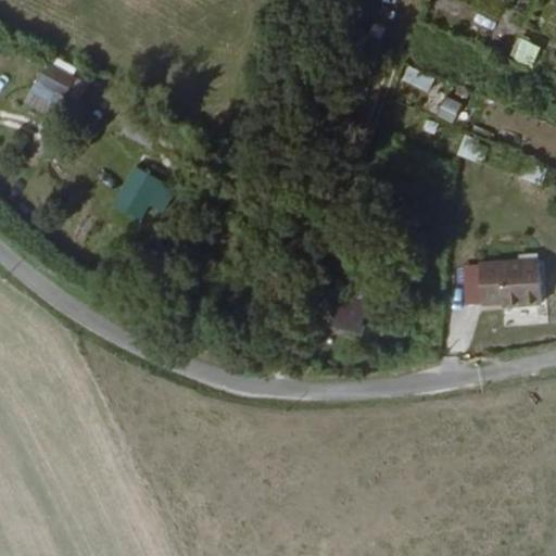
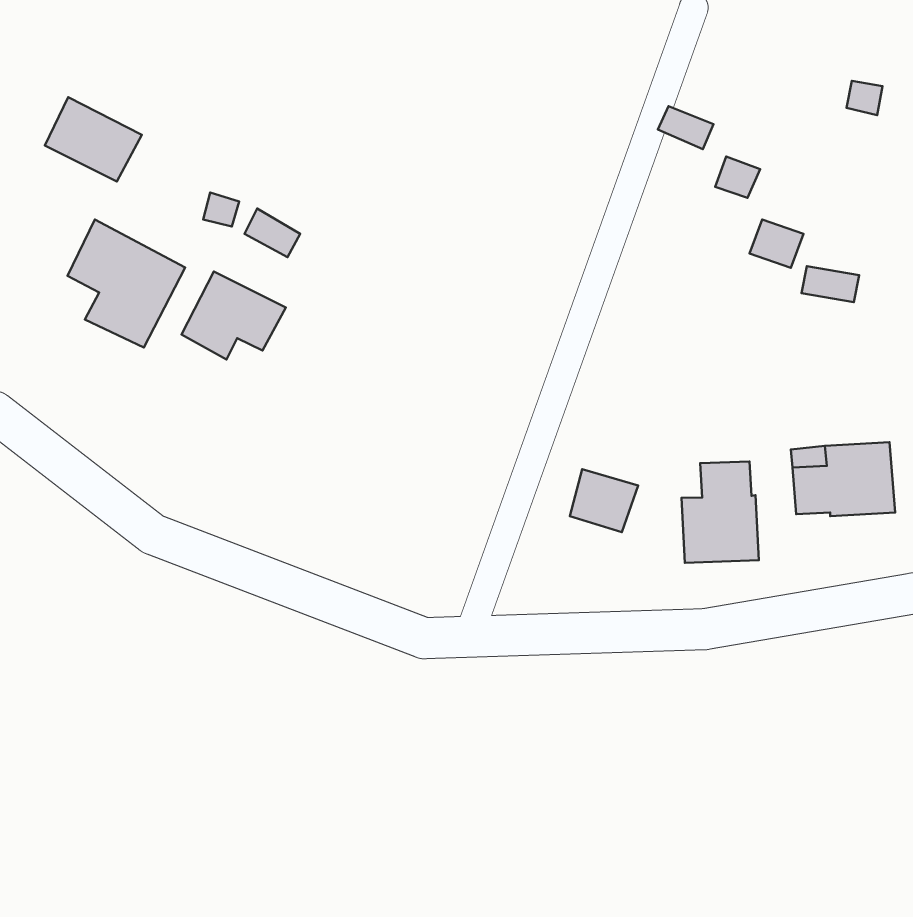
building: none -> [67,220,185,347]
building: none -> [681,461,759,563]

